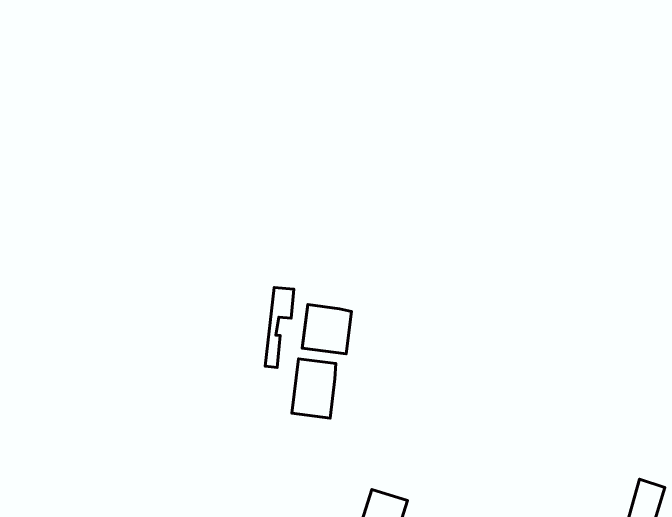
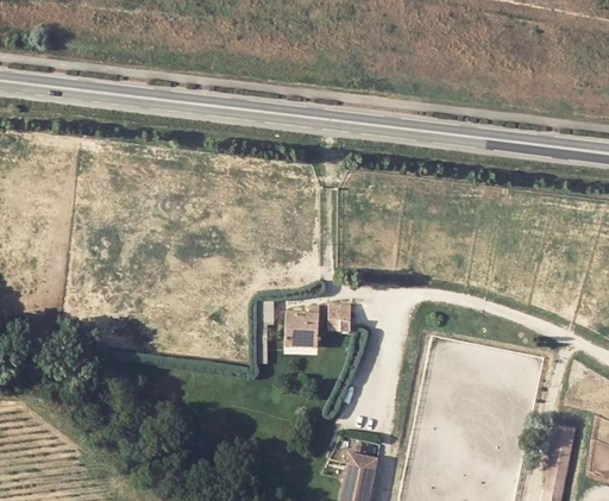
building: none -> [329,302,352,332]
building: [292,359,336,418] -> none

